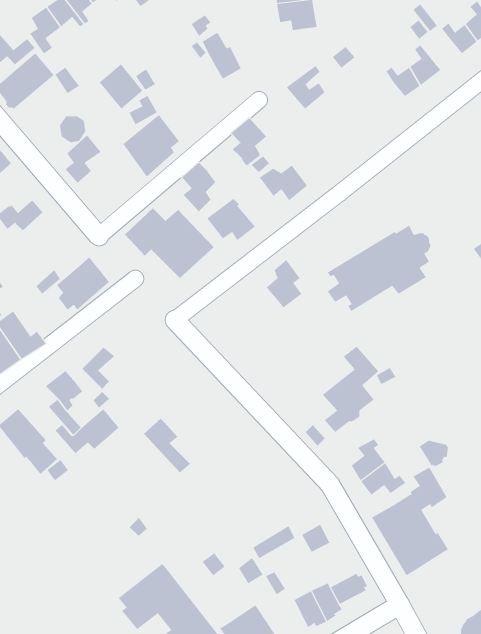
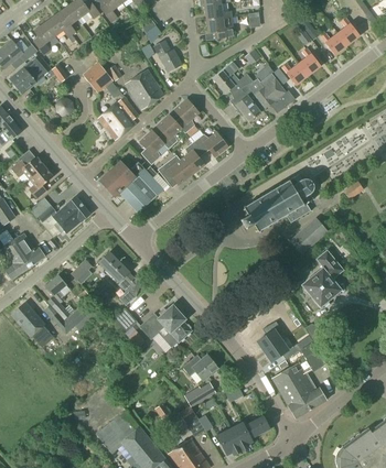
building: none -> [230,67,294,121]
building: none -> [125,69,163,109]
building: [65,134,101,183] -> [28,165,53,199]
building: none -> [156,115,181,149]
building: [266,259,302,308] -> [179,141,204,175]
building: none -> [289,217,328,254]
building: none -> [98,252,140,305]
building: [322,346,379,433] -> [302,251,342,312]
building: none -> [139,305,191,349]
building: none -> [181,355,217,380]

